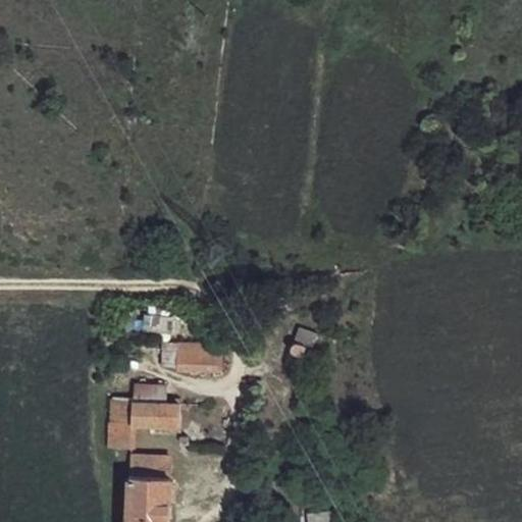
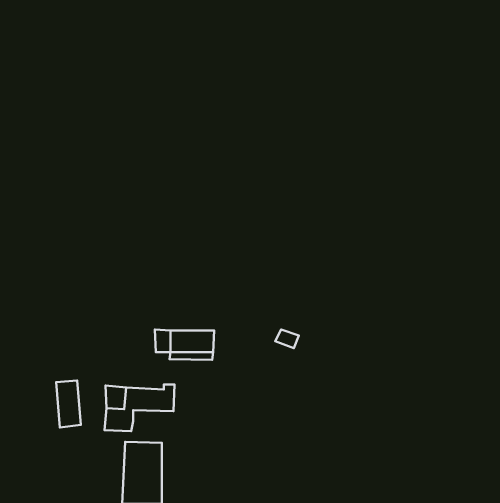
building: none -> [56,381,81,428]

